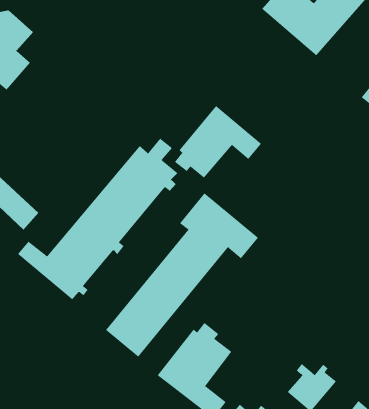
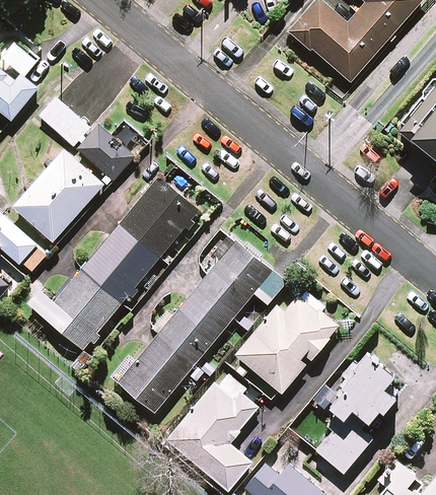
building: none -> [13,98,134,242]
building: [174,105,262,179] -> none
building: none -> [235,295,336,394]
building: none -> [329,356,394,422]

